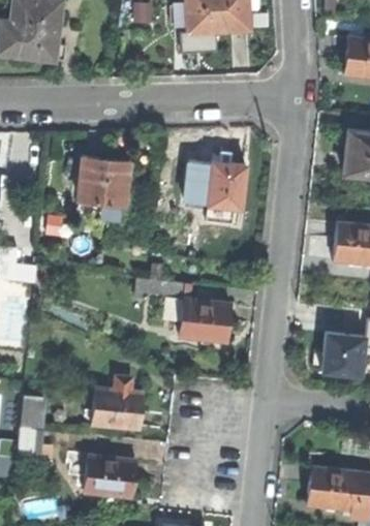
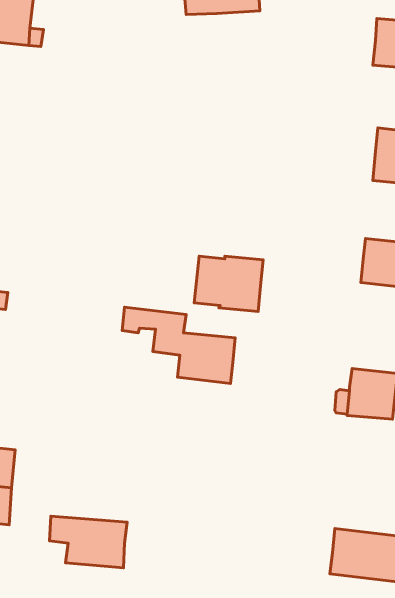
building: [79,158,126,207] -> none
building: [185,162,243,209] -> [194,256,263,312]
building: [93,379,144,430] -> none

